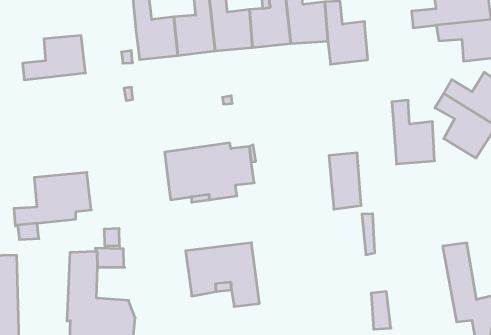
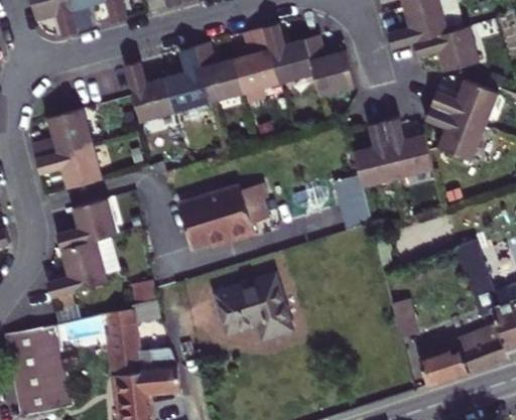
building: none -> [35,144,102,189]
building: none -> [353,122,397,187]
building: none -> [56,199,117,250]

